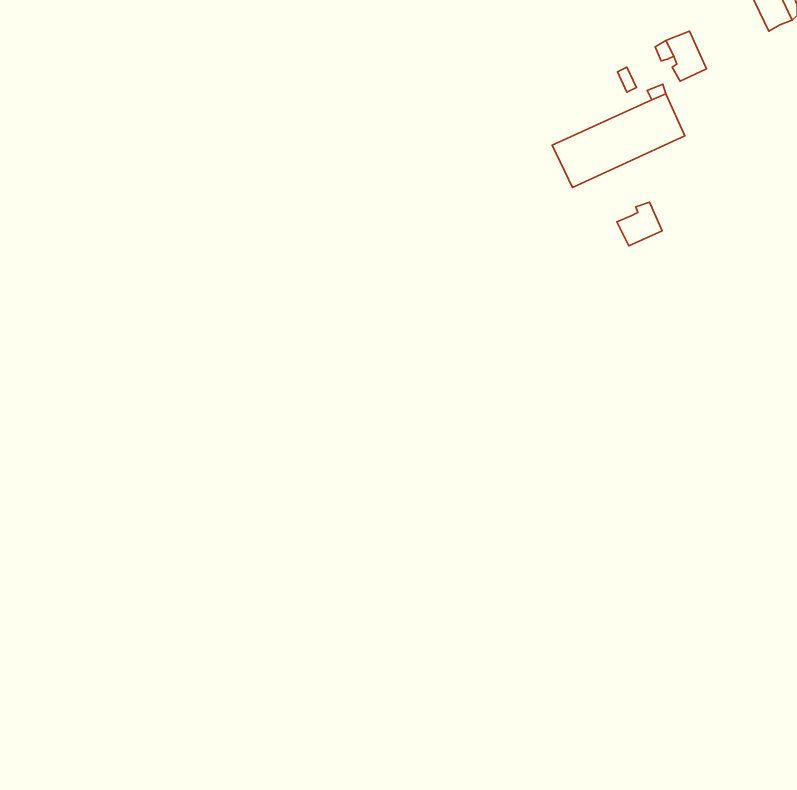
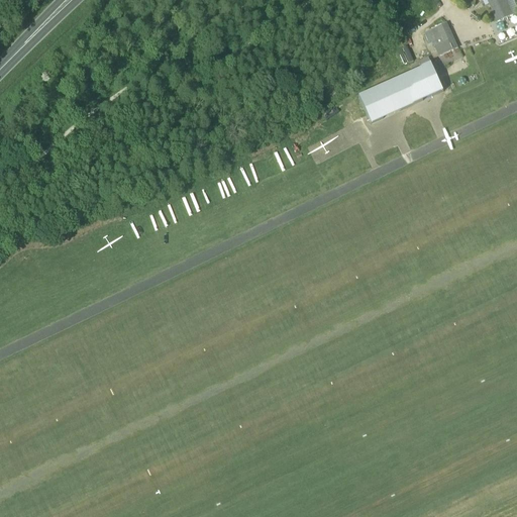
building: [617,202,662,246] -> none

